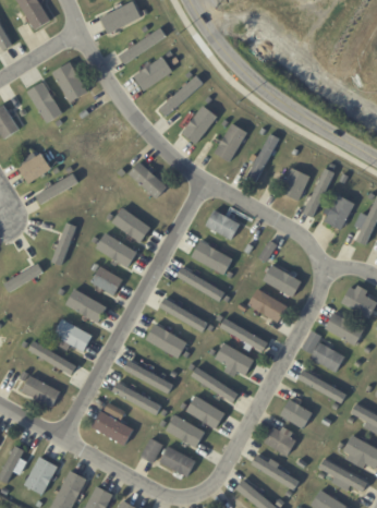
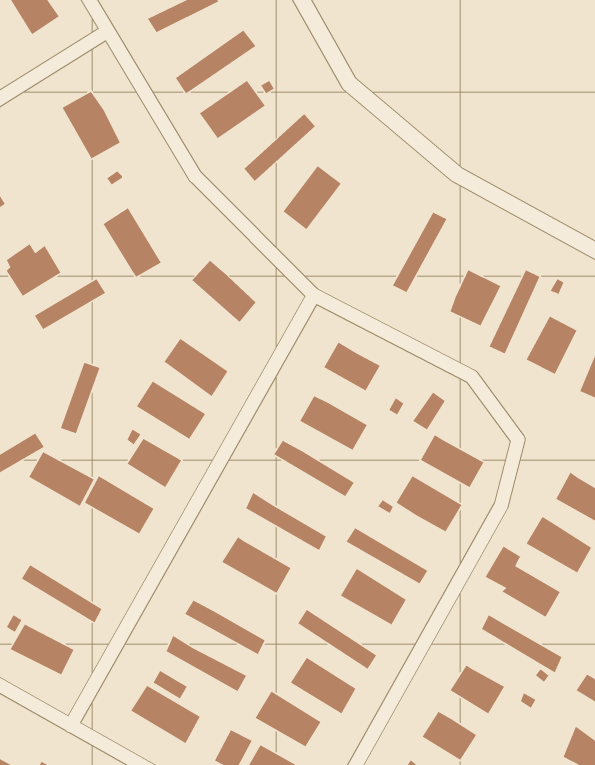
building: [27,81,62,122] -> [102,207,162,278]
building: [214,123,246,161] -> none
building: [53,318,93,351] -> [28,451,95,507]

